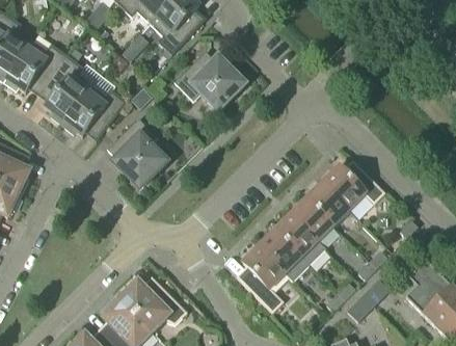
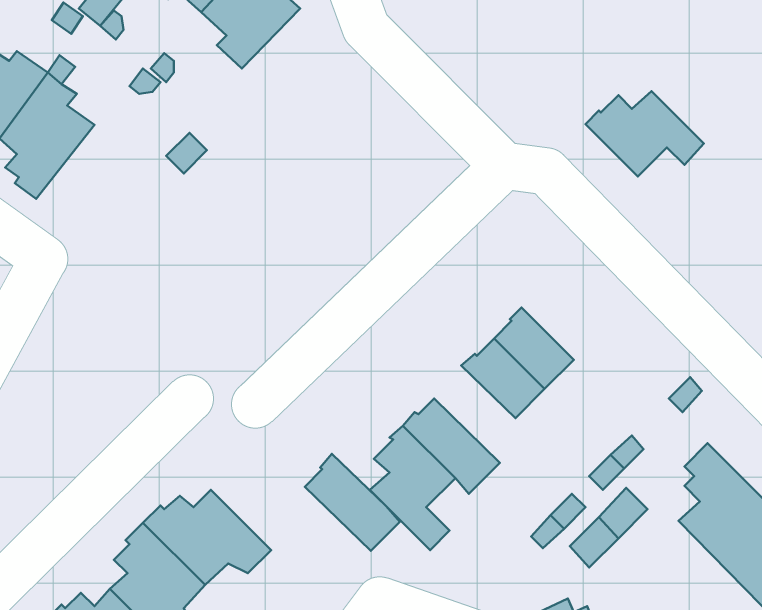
building: [173,51,244,110] -> none
building: [61,84,126,137] -> none
building: [107,117,166,188] -> none
building: [321,164,384,210] -> [585,91,704,177]
building: [274,213,325,265] -> [305,454,400,551]

